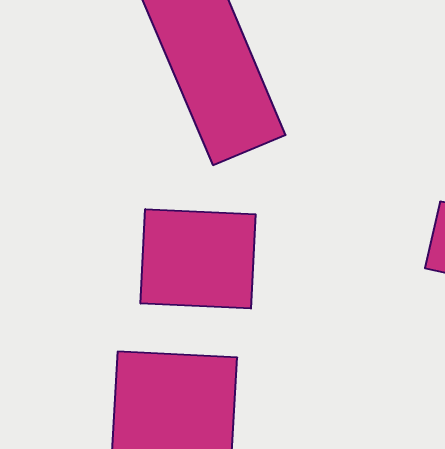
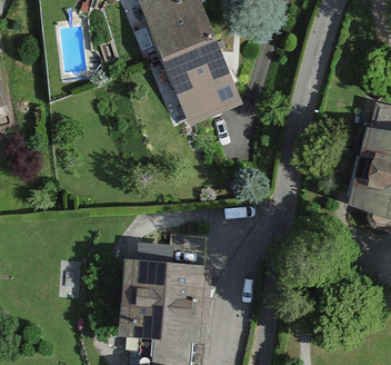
building: [141,209,256,309] -> none

